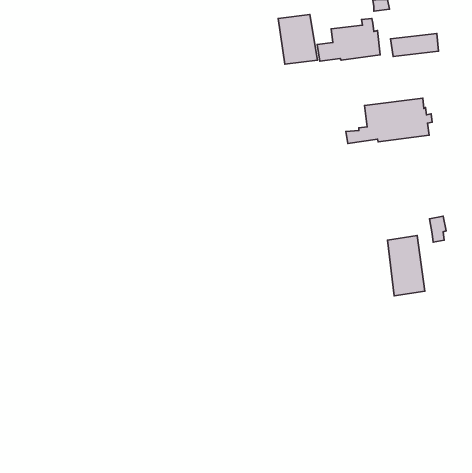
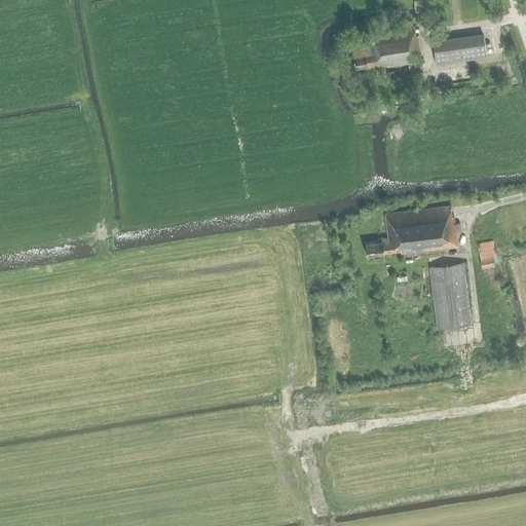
building: [278,15,317,64] -> none
building: [346,98,432,144] -> [364,204,459,255]

